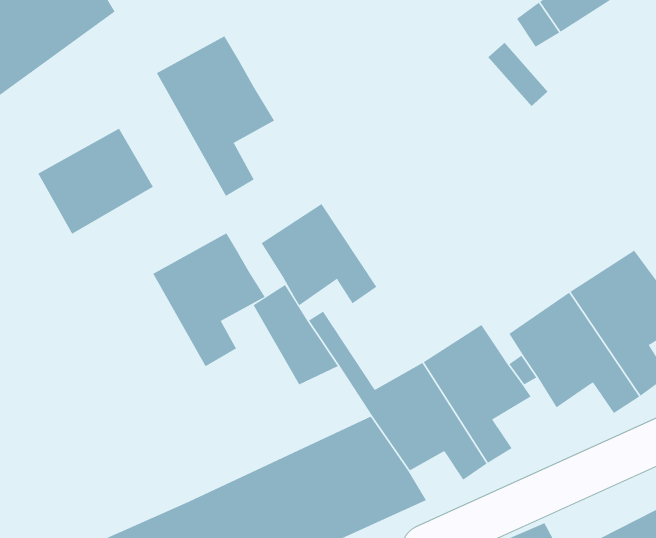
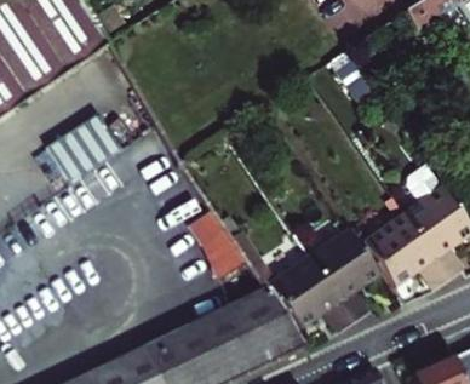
building: [156,35,275,197] -> none
building: [261,203,377,306] -> none
building: [153,233,265,367] -> none

